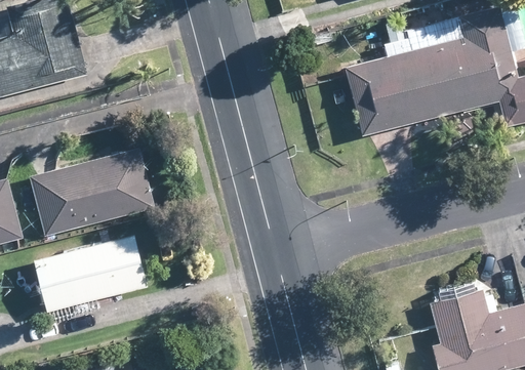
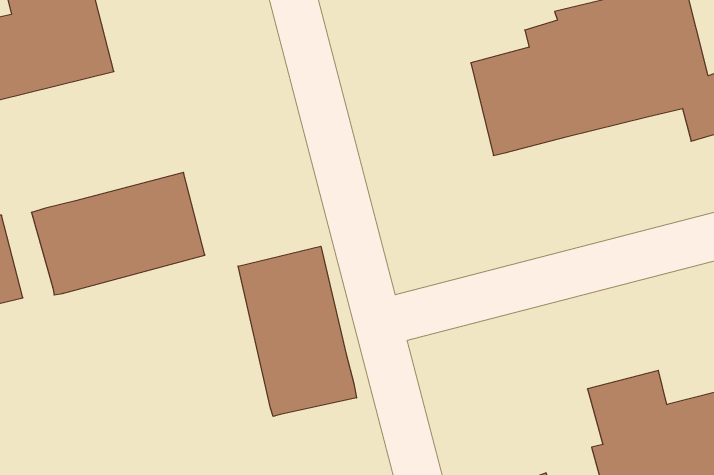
building: none -> [238,246,357,416]
building: [30,237,145,310] -> none

